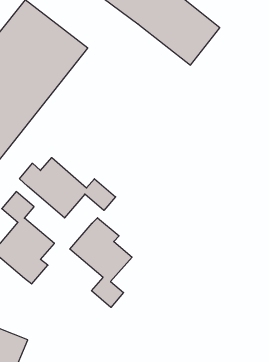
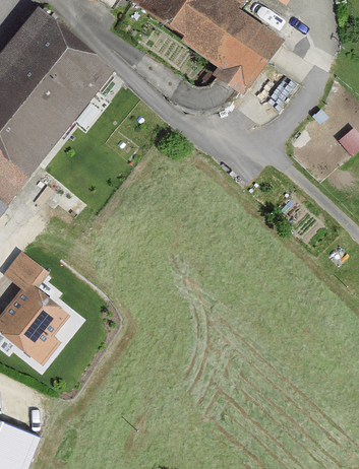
building: [20,158,116,218] -> none
building: [70,218,132,307] -> none

